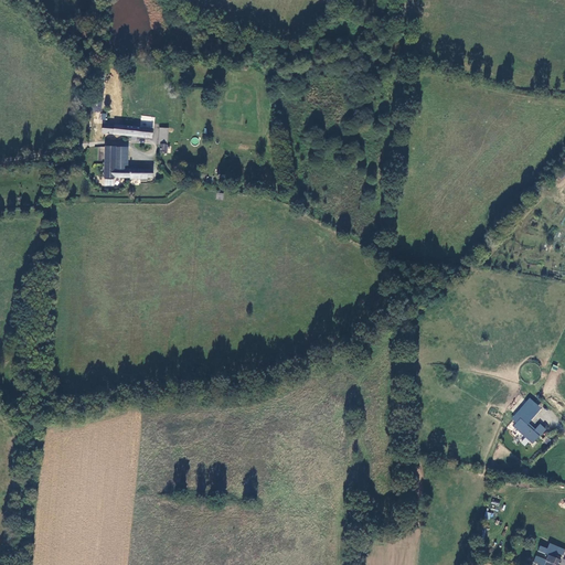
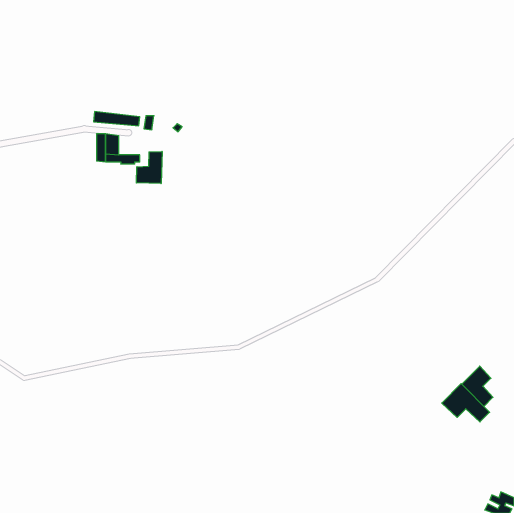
building: none -> [136,151,162,184]
building: none -> [442,384,490,422]

